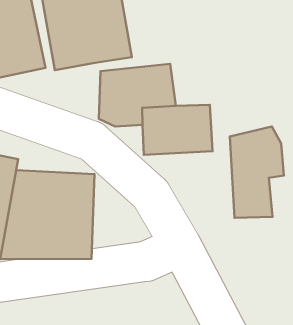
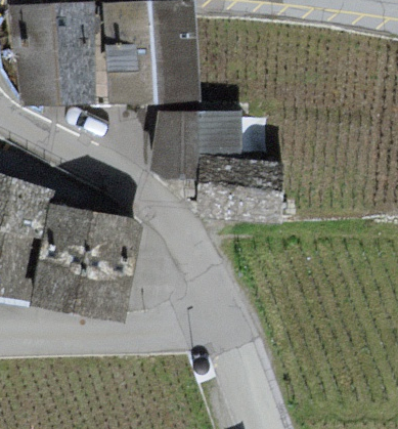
building: [230,126,284,218] -> none

